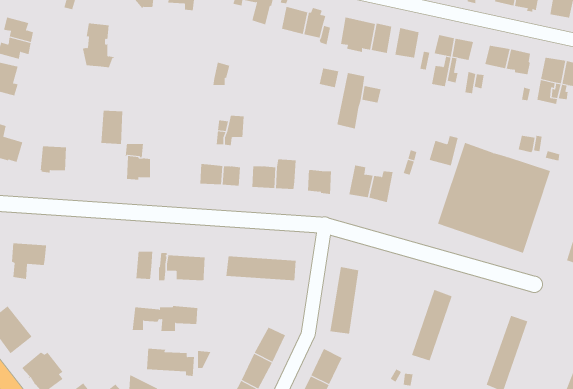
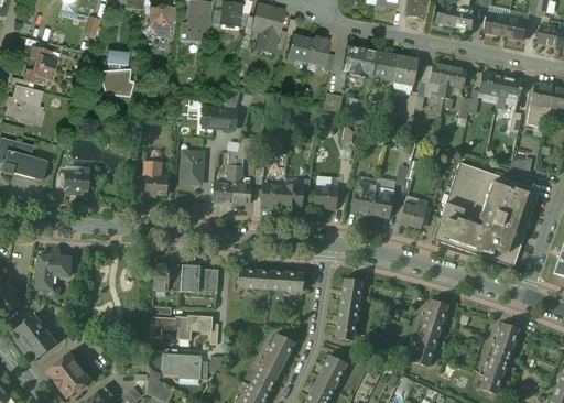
building: none -> [203,109,237,129]
building: [101,110,123,144] -> [182,152,203,184]
building: [429,135,459,166] -> [400,199,427,228]

